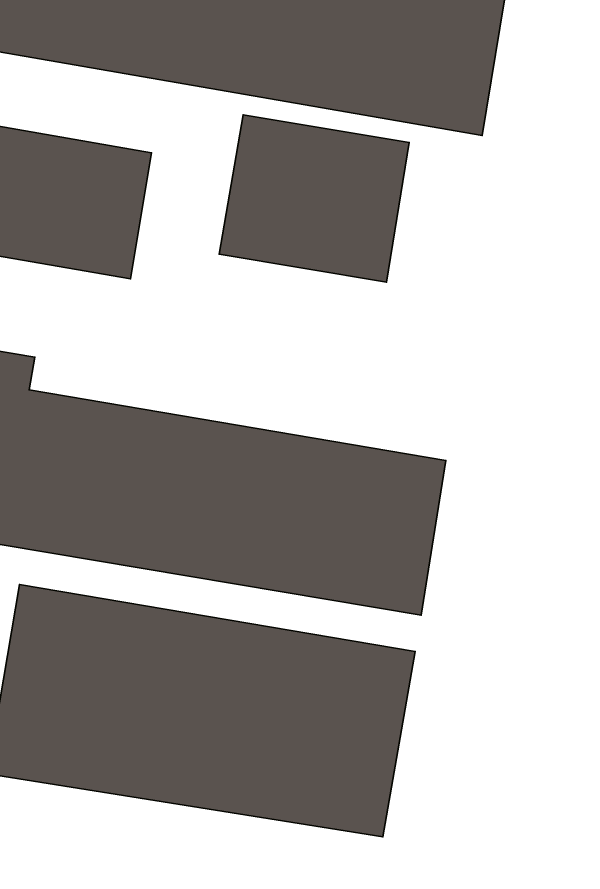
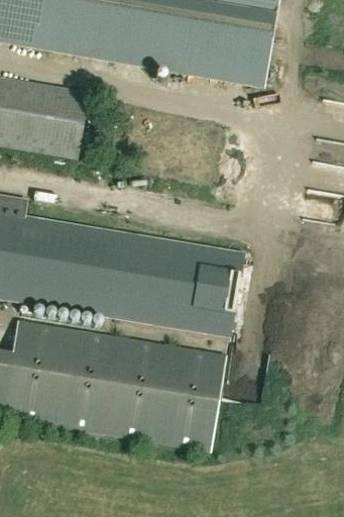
building: [219,115,409,282] -> none

